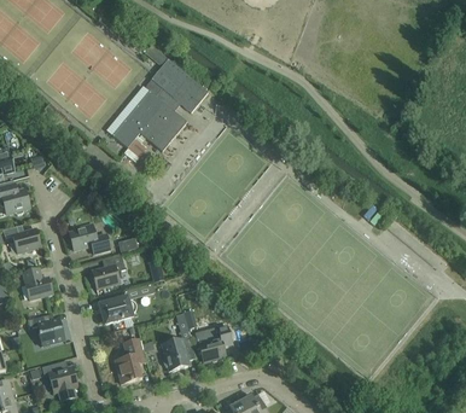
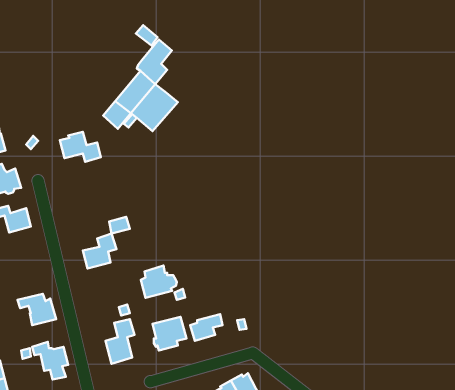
building: [163,69,206,111] -> none
building: [68,222,109,252] -> [60,132,101,162]
building: [22,267,51,298] -> none
building: [99,290,135,322] -> [141,265,177,298]

